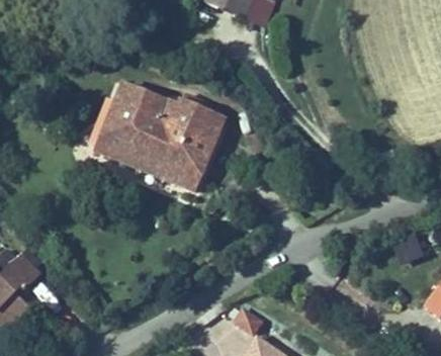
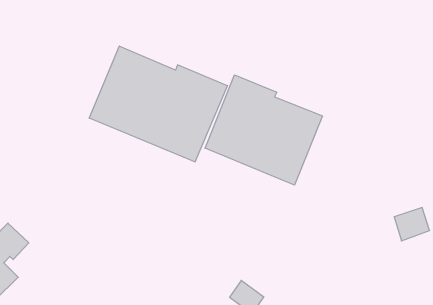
building: none -> [205,75,322,185]

